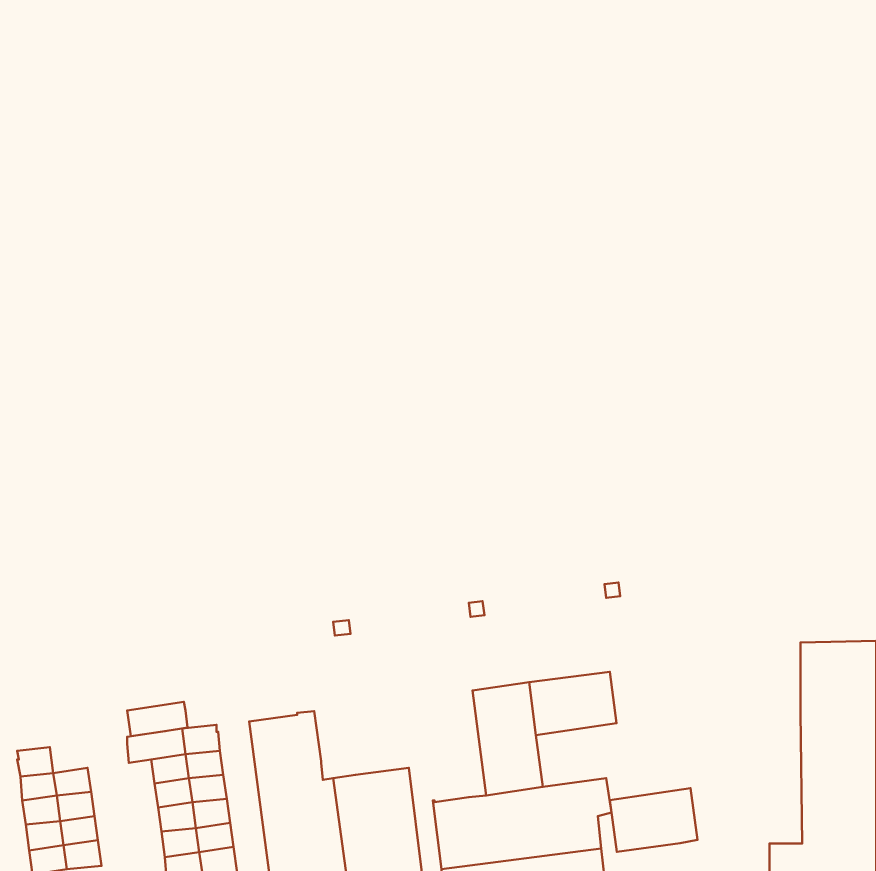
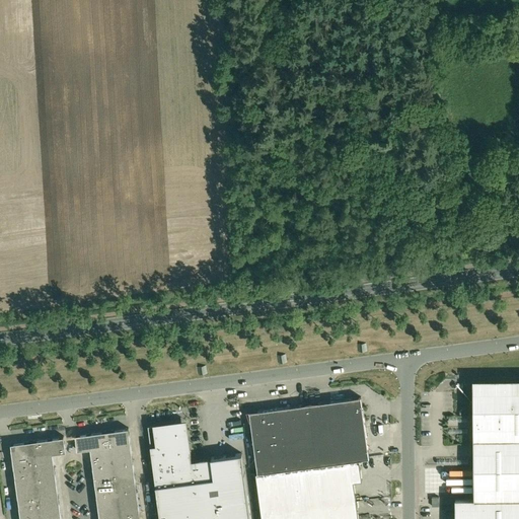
building: none -> [248,412,287,477]
building: [127,702,187,736] -> [29,440,65,460]
building: [610,788,697,852] -> [316,431,368,468]

